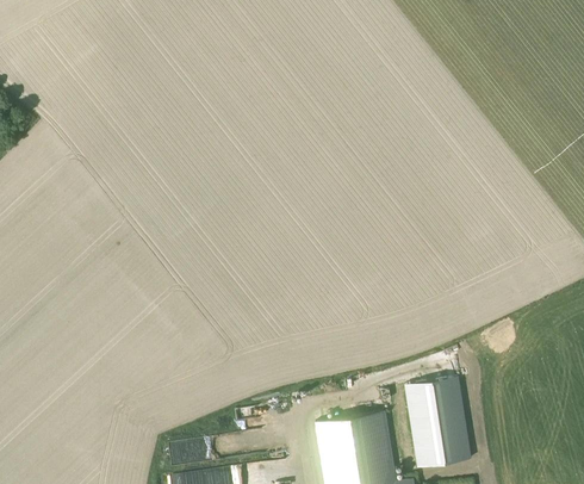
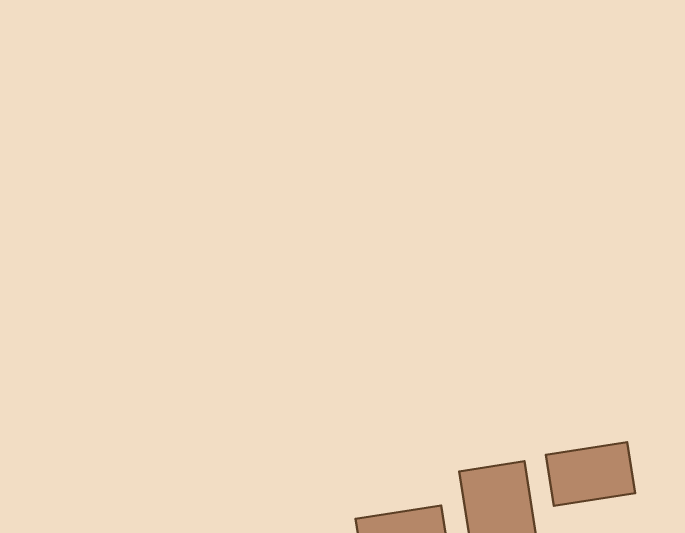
building: none -> [546,442,635,506]

